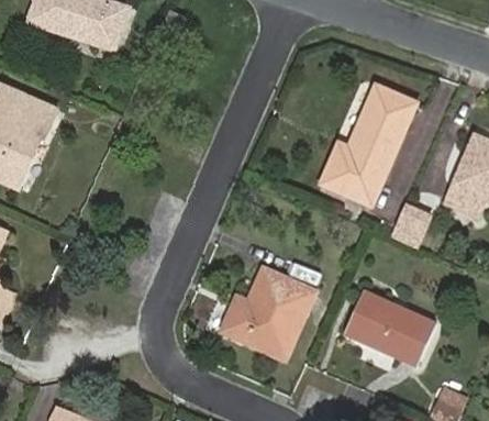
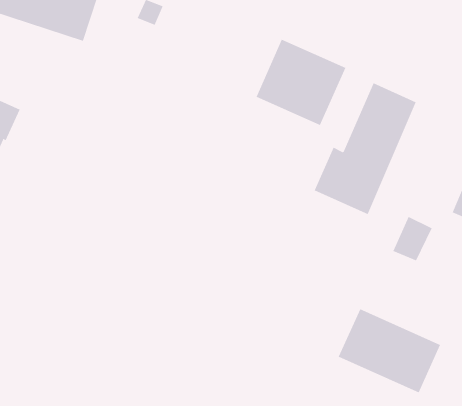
building: none -> [256,39,346,126]
building: [220,268,314,359] -> none

